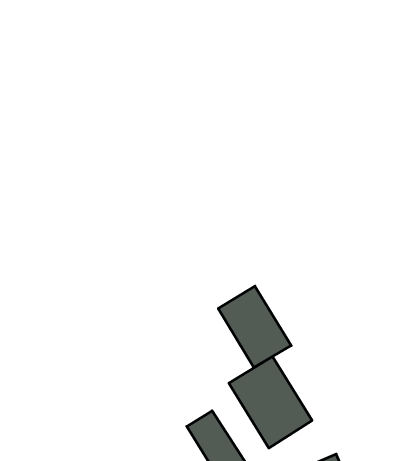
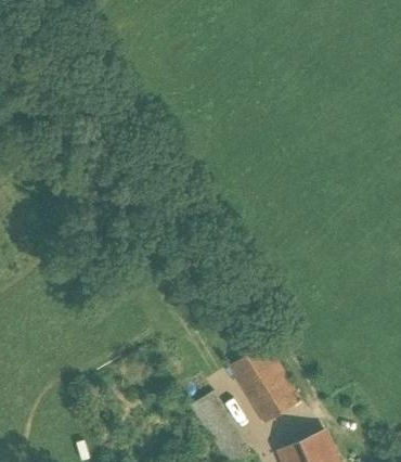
building: [218,286,291,367] -> none

